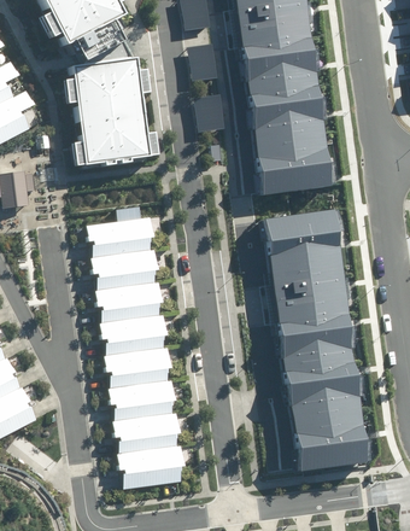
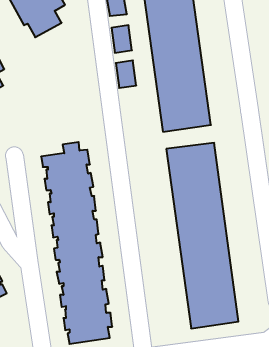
building: [70,57,146,165] -> none

